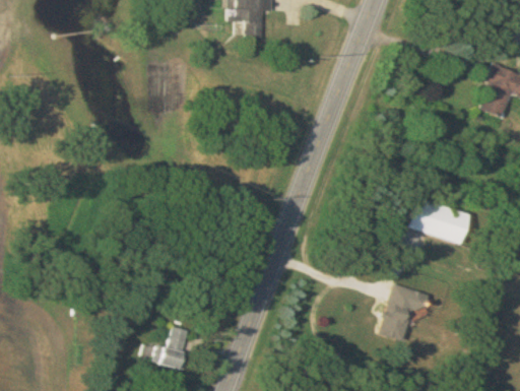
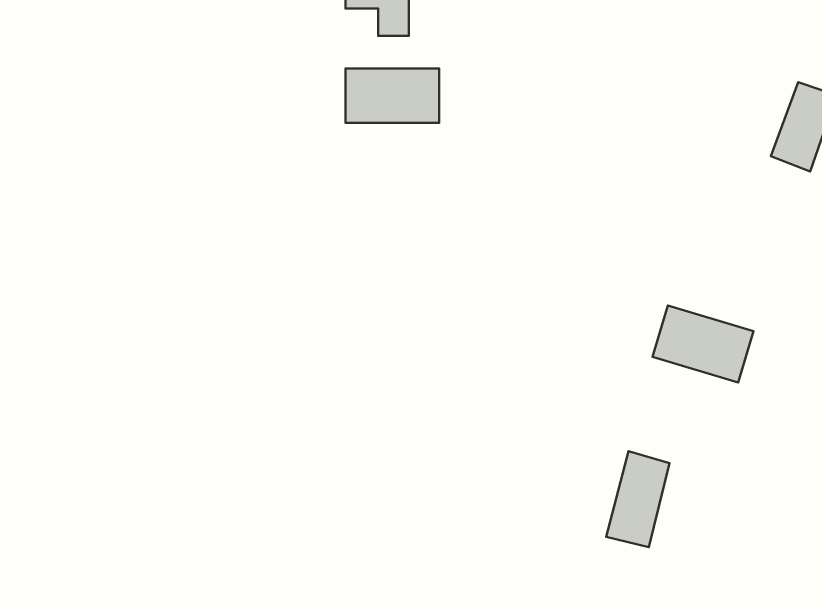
building: none -> [345,68,439,123]
building: [154,327,189,372] -> none

